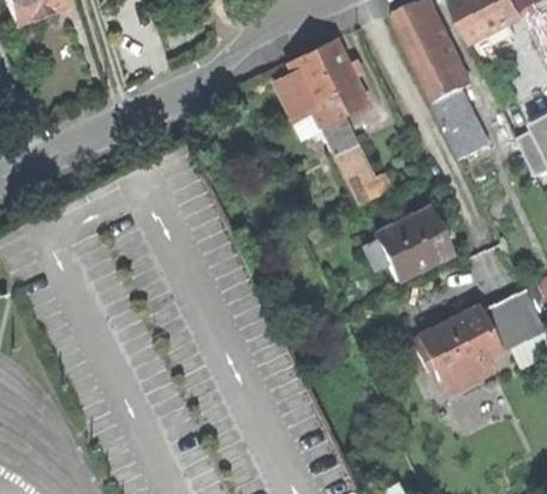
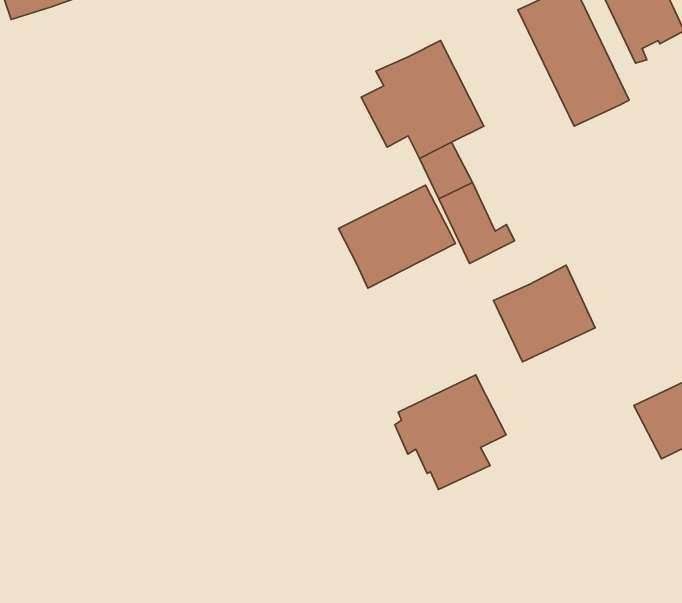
building: [434,87,494,160] -> none
building: none -> [339,185,455,288]
building: [416,305,499,391] -> [395,375,506,490]

